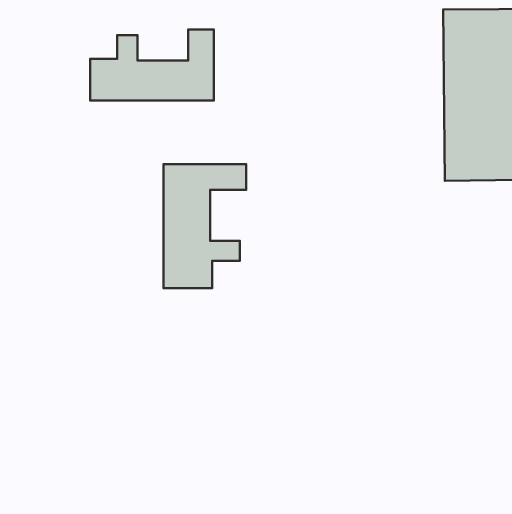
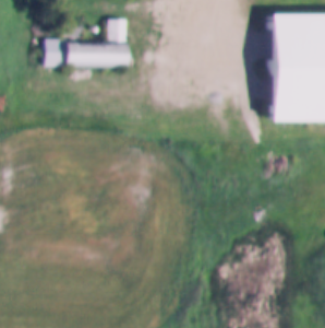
building: [163,164,246,288] -> none

